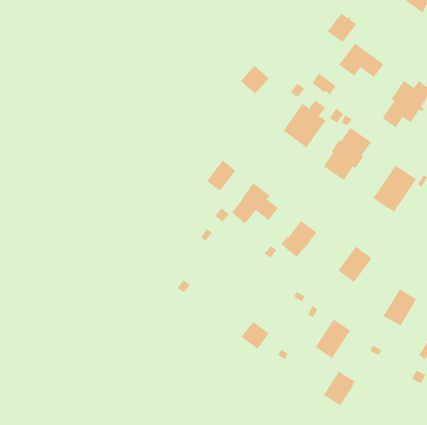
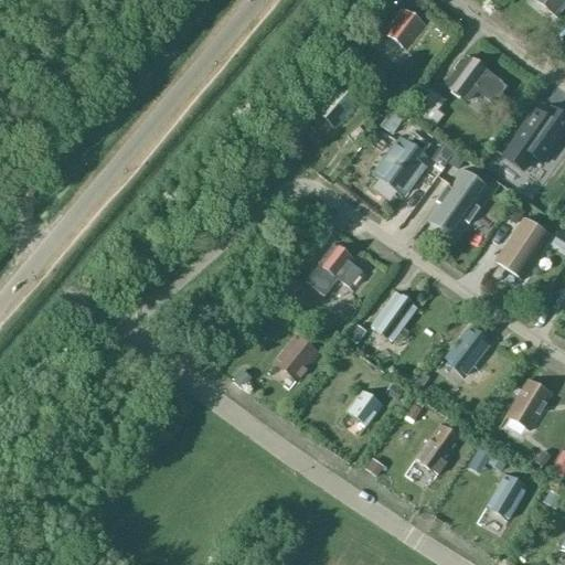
building: [327,13,357,43] -> [386,8,426,47]
building: [206,160,236,192] -> none
building: none -> [275,337,318,381]
building: [240,321,270,350] -> [345,388,384,426]
building: [323,371,356,406] -> [484,472,527,519]

